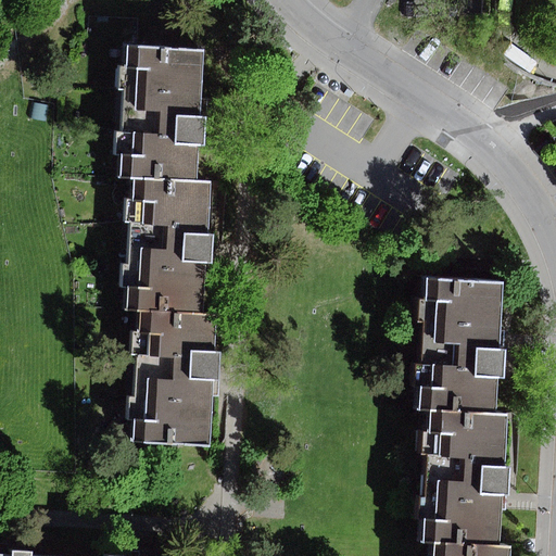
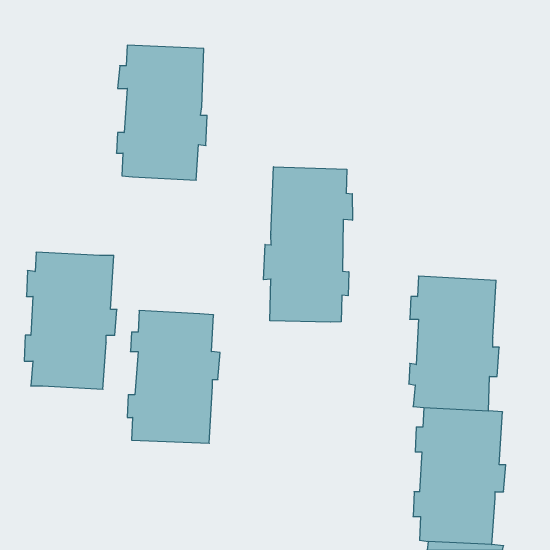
building: none -> [264,167,352,322]
building: [122,178,215,316] -> [24,252,117,389]

